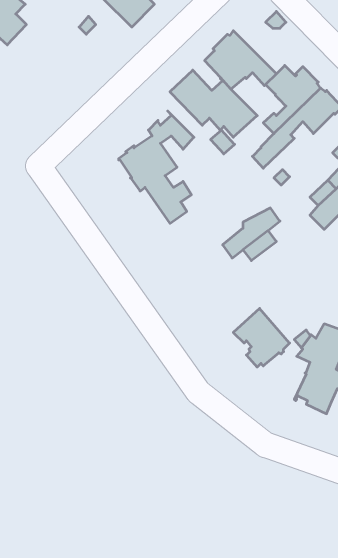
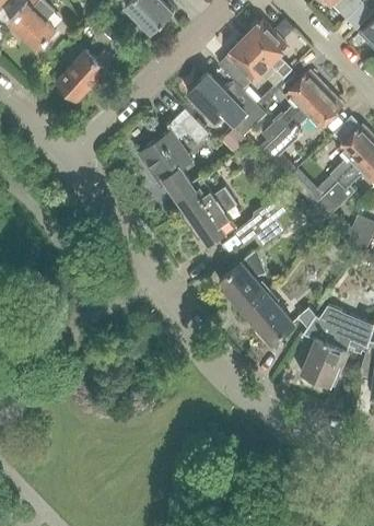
building: none -> [244,17,291,77]
building: none -> [56,51,112,102]
building: none -> [182,187,236,244]
building: none -> [218,249,268,313]

